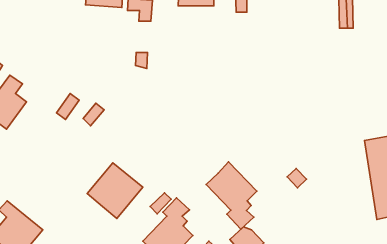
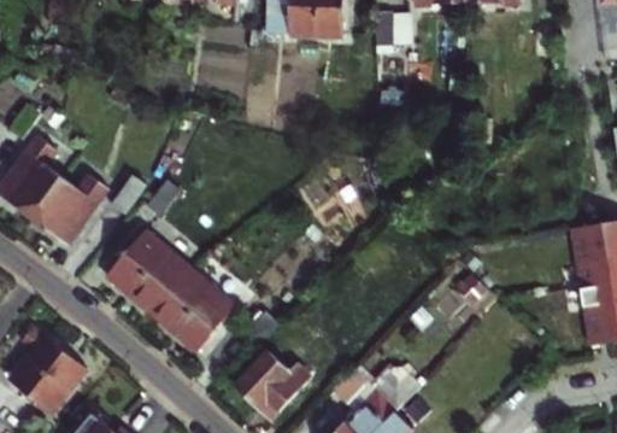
building: none -> [33,172,107,241]
building: none -> [107,229,192,314]
building: [206,162,257,229] -> none

